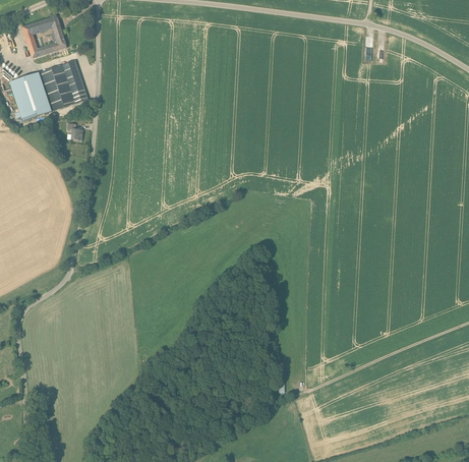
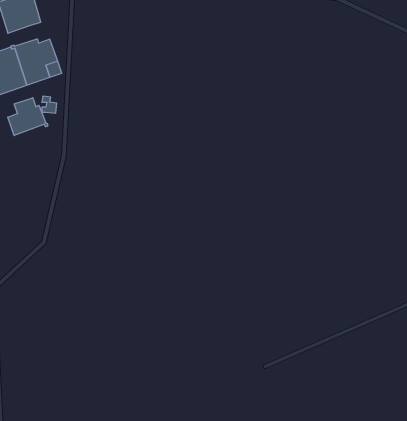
building: none -> [8,98,48,136]

